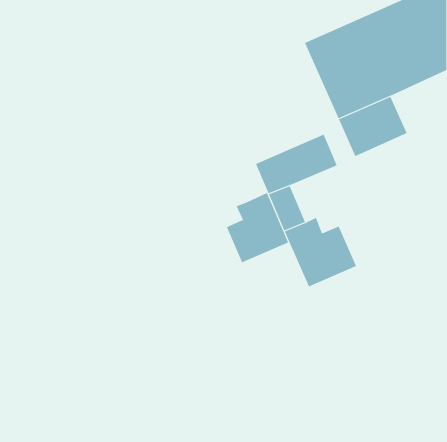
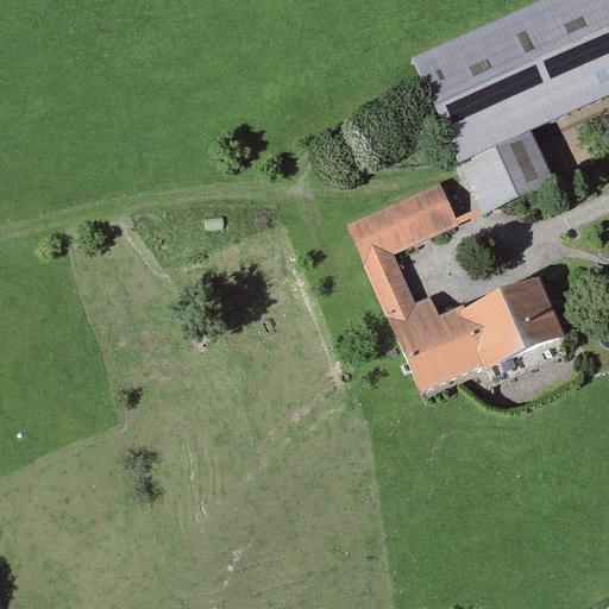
building: [226,192,289,263] -> none
building: none -> [460,274,564,368]

